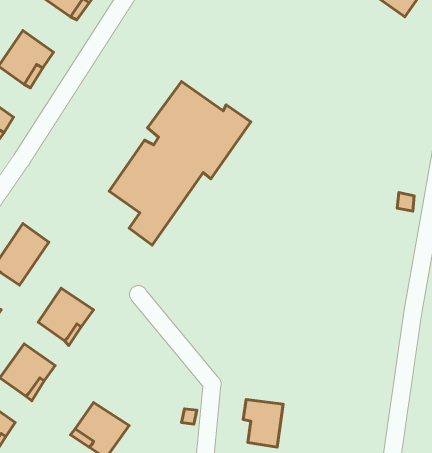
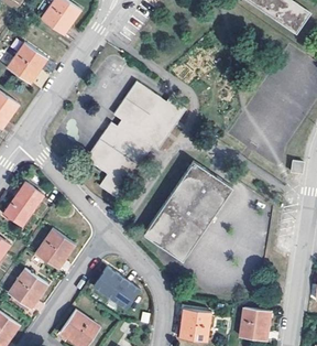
building: none -> [143,161,232,260]
building: none -> [95,267,139,306]
building: none -> [242,306,273,339]

